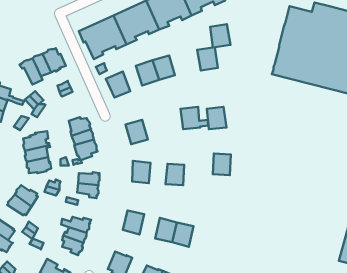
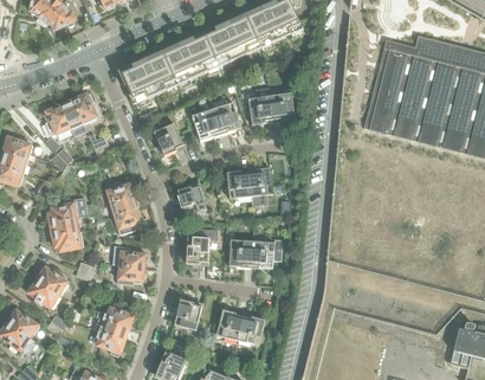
building: [210,24,231,47] -> [247,95,273,124]
building: [207,107,226,129] -> [226,169,251,198]
building: [213,154,231,175] -> [251,240,273,268]

